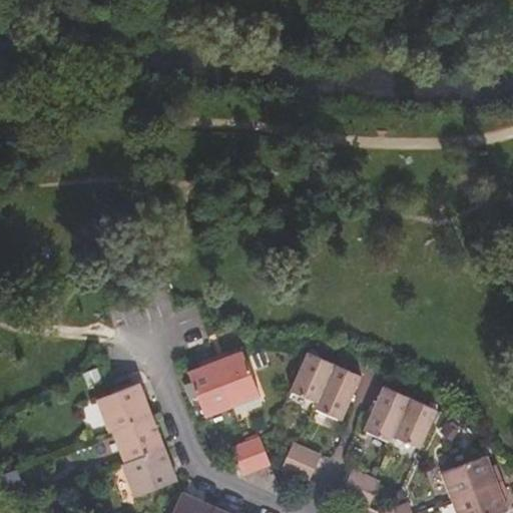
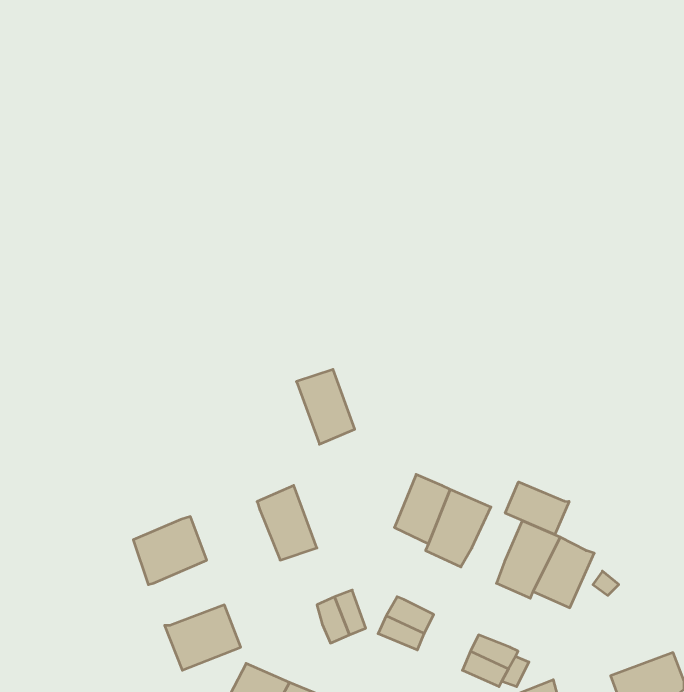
building: [216,351,260,406] -> [296,369,355,444]
building: none -> [505,482,569,535]
building: [113,415,165,463] -> none
building: [440,456,496,500] -> none

